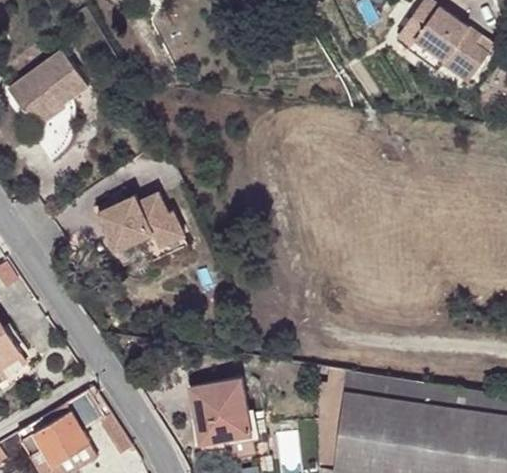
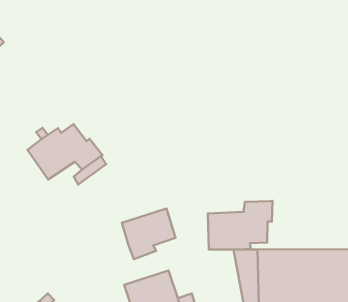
building: none -> [122,208,175,259]
building: none -> [208,201,273,250]

